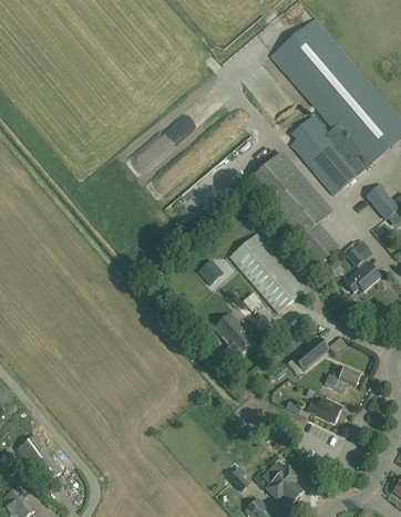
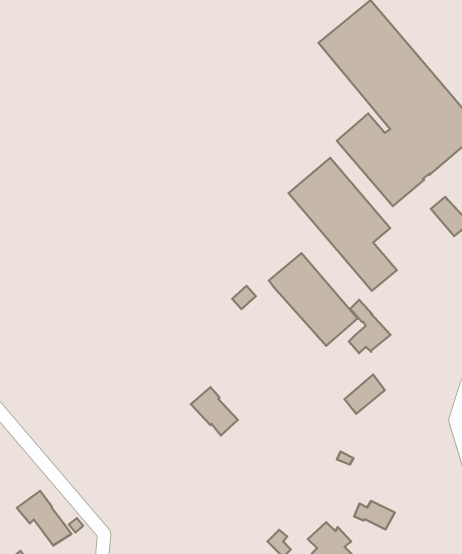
building: [343,246,379,291] -> [349,300,391,353]
building: [213,313,253,354] -> [191,387,238,435]
building: [323,363,360,386] -> none
building: [306,396,340,421] -> [354,501,395,530]

